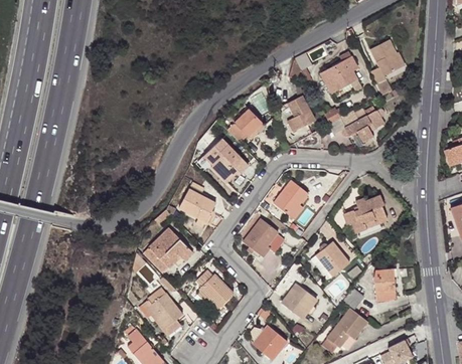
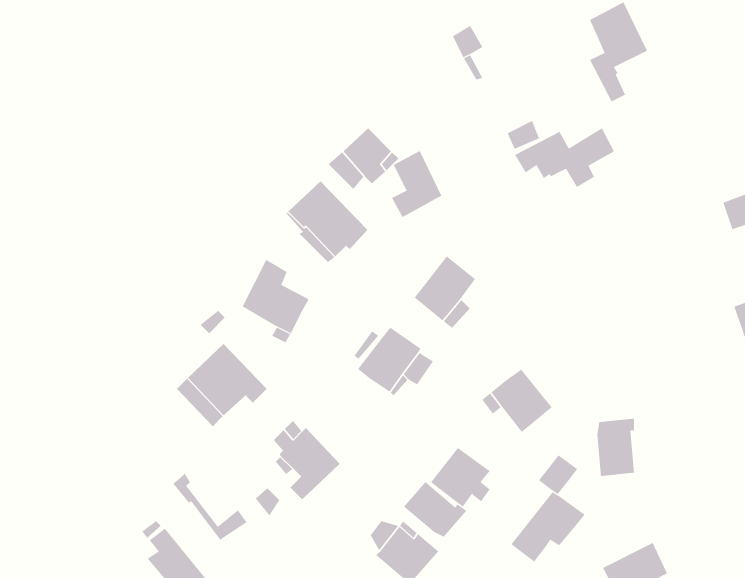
building: [321,51,358,94] -> none
building: [287,95,315,132] -> [391,150,442,218]
building: [343,195,388,238] -> none
building: [149,293,183,328] -> none
building: none -> [403,481,467,537]

